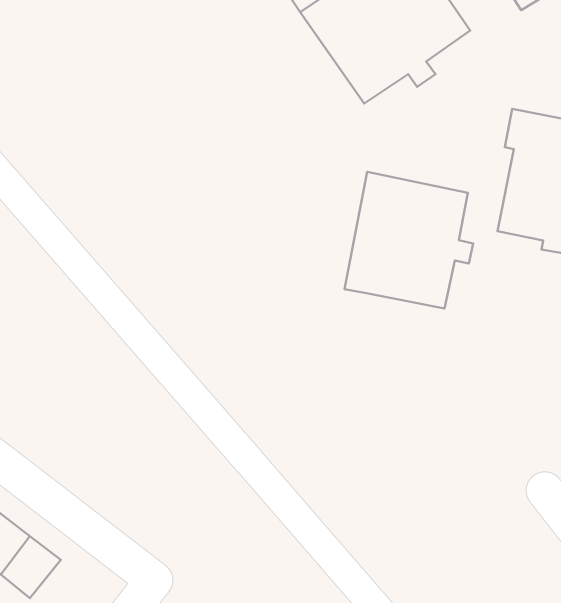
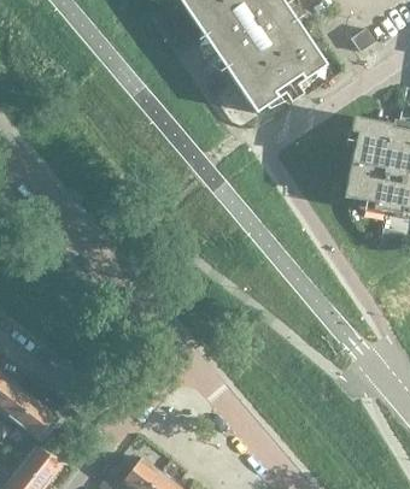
building: [344,172,473,309] -> none

